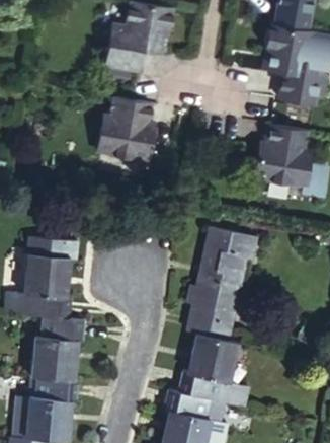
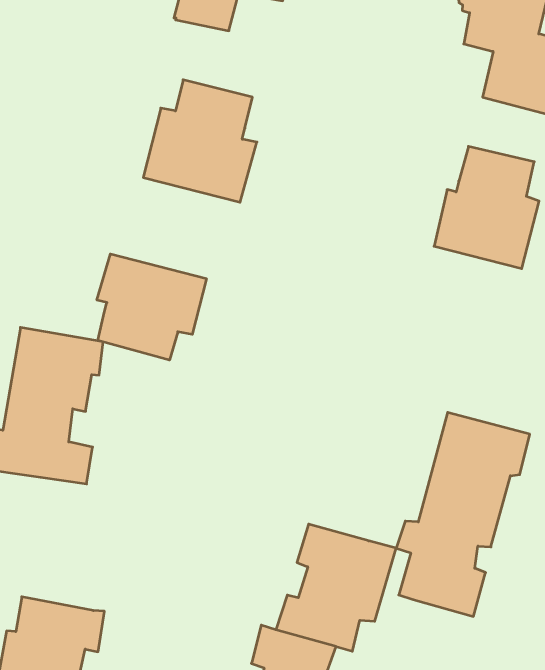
building: none -> [97,254,206,360]
building: [184,230,253,341] -> [396,412,530,616]
building: [34,317,90,388] -> none

